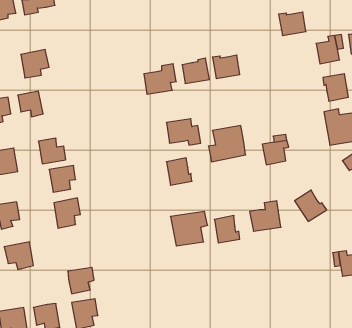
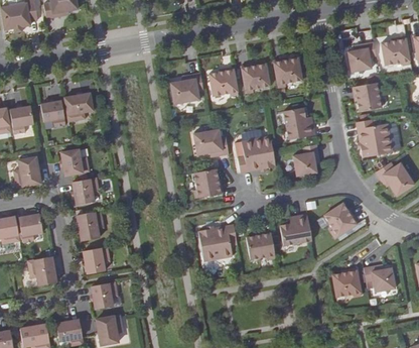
building: [279,12,306,36] -> [273,56,301,81]
building: [21,50,49,78] -> [64,92,94,121]
building: none -> [283,107,315,139]
building: none -> [84,246,111,273]
building: none -> [332,269,361,296]

